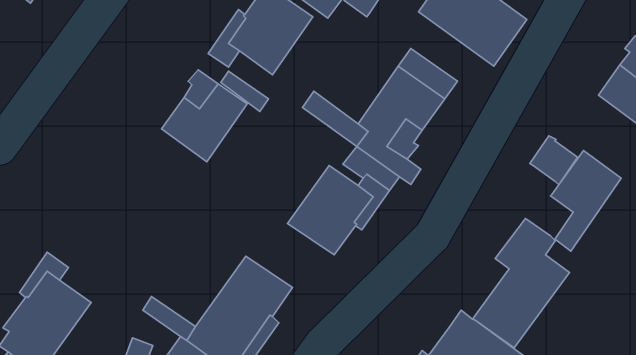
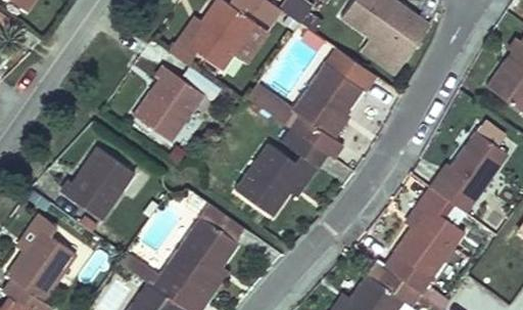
building: [530,136,578,185] -> [428,164,467,204]
building: none -> [60,146,134,218]

